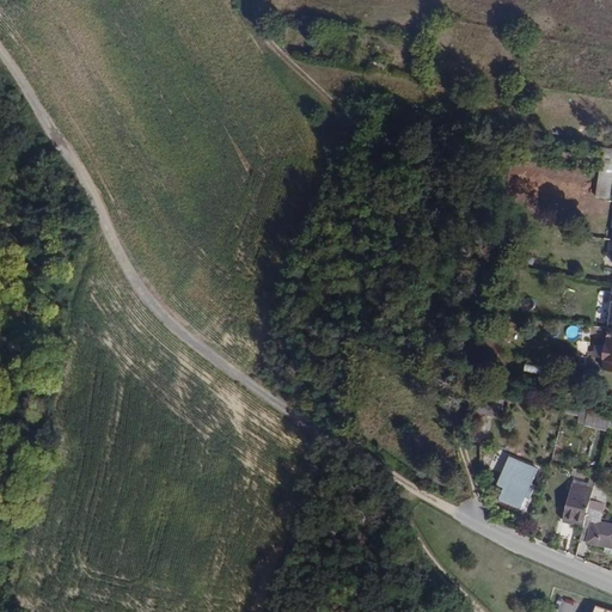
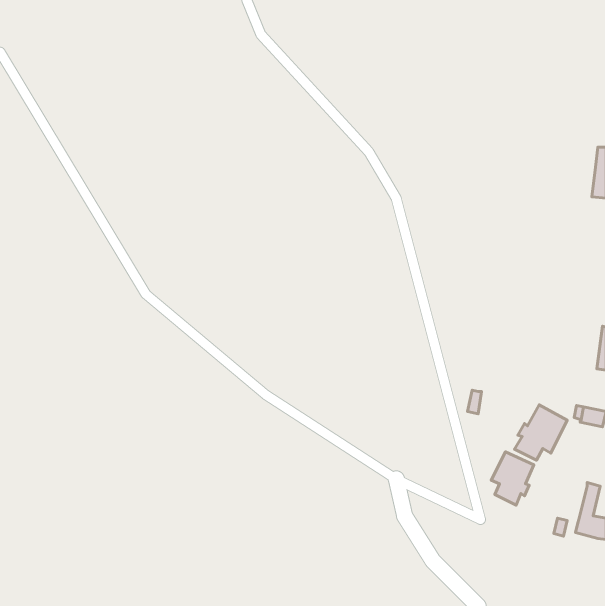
building: none -> [515,405,567,460]
building: [564,488,593,524] -> none

